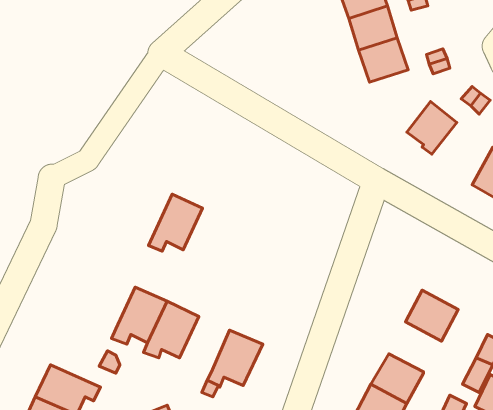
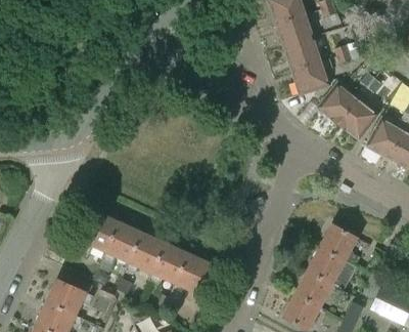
building: none -> [292,60,329,93]
building: none -> [338,99,377,137]
building: [148,194,203,251] -> [80,211,120,253]
building: none -> [149,243,189,284]
building: none -> [307,247,356,291]

